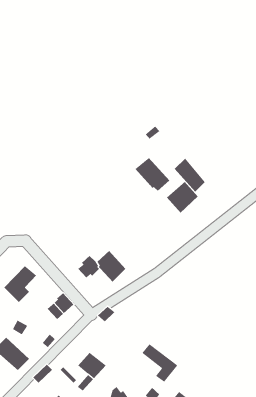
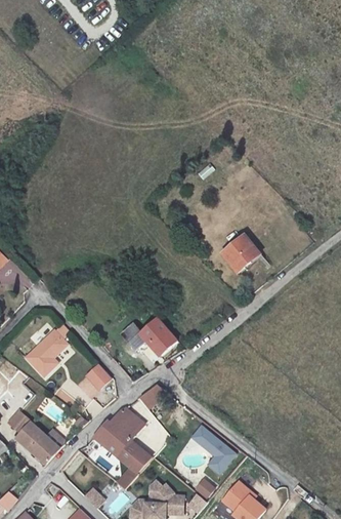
building: [135,157,170,192] -> none
building: [174,158,206,192] -> none
building: none -> [96,409,140,454]

